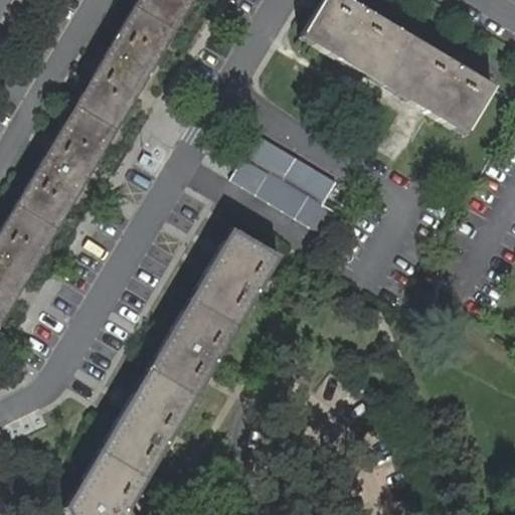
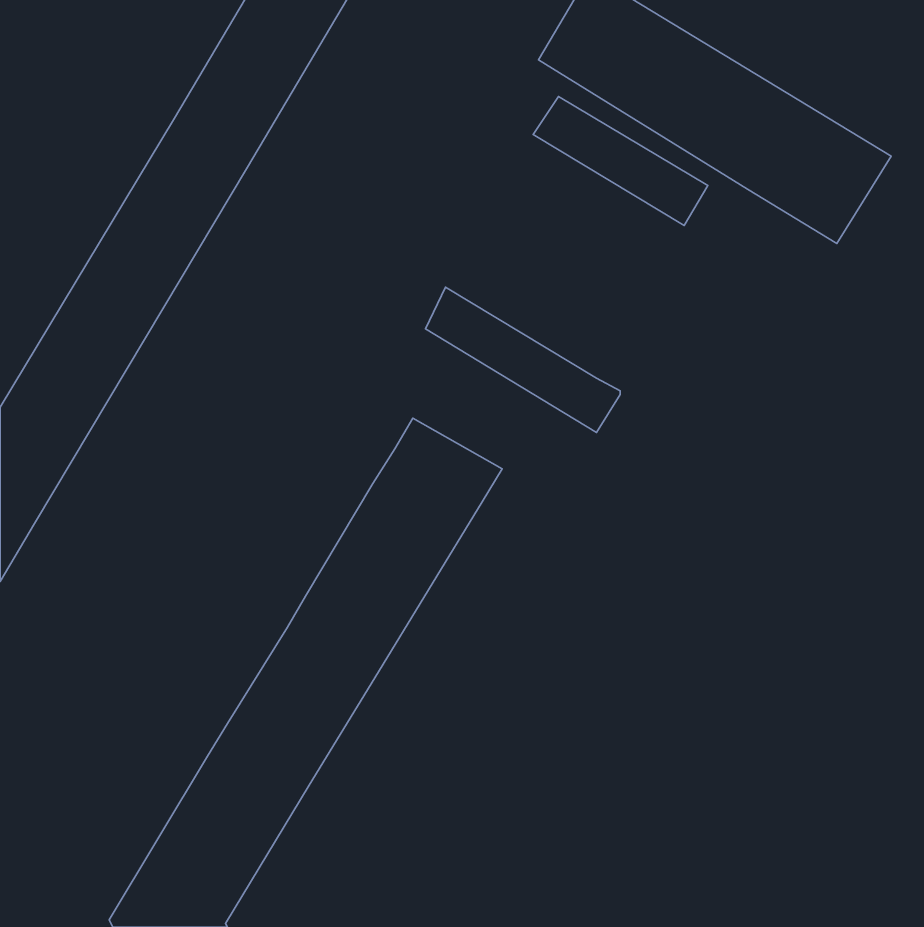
building: [249,138,346,209] -> [533,96,708,225]

